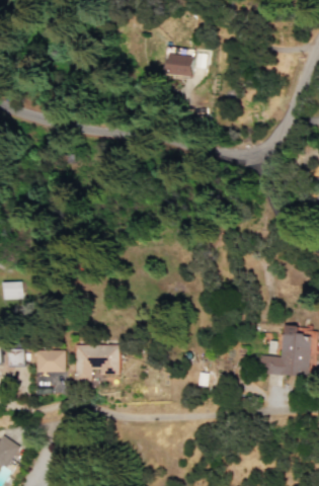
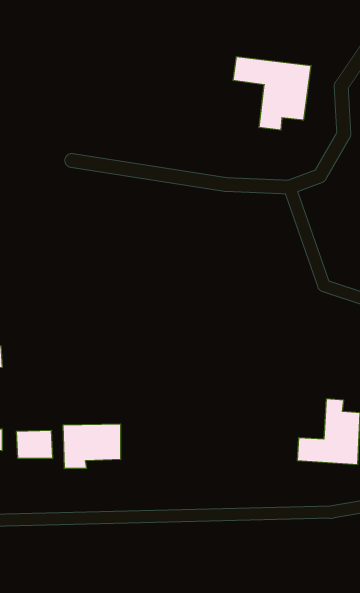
building: none -> [233,57,311,130]
building: [166,53,194,75] -> none

